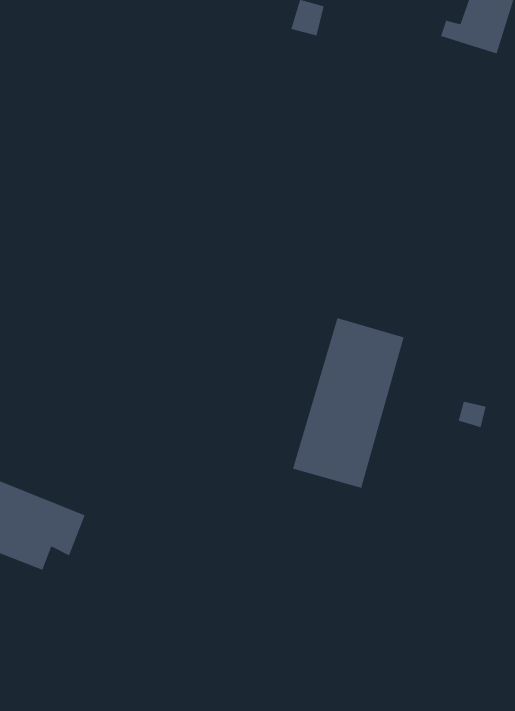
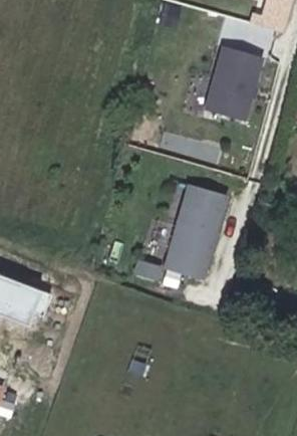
building: none -> [210,34,267,106]

